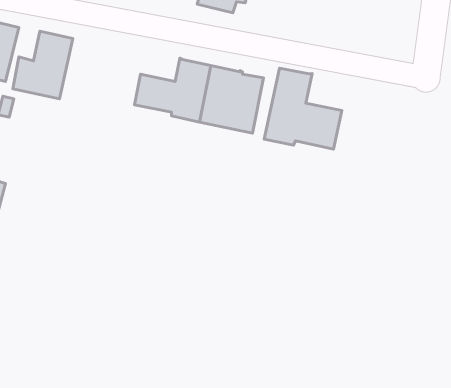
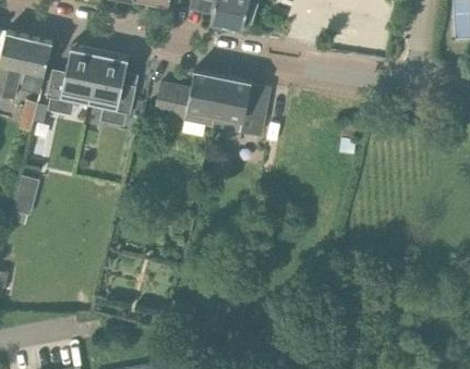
building: none -> [87,52,135,115]
building: [264,68,342,149] -> none

